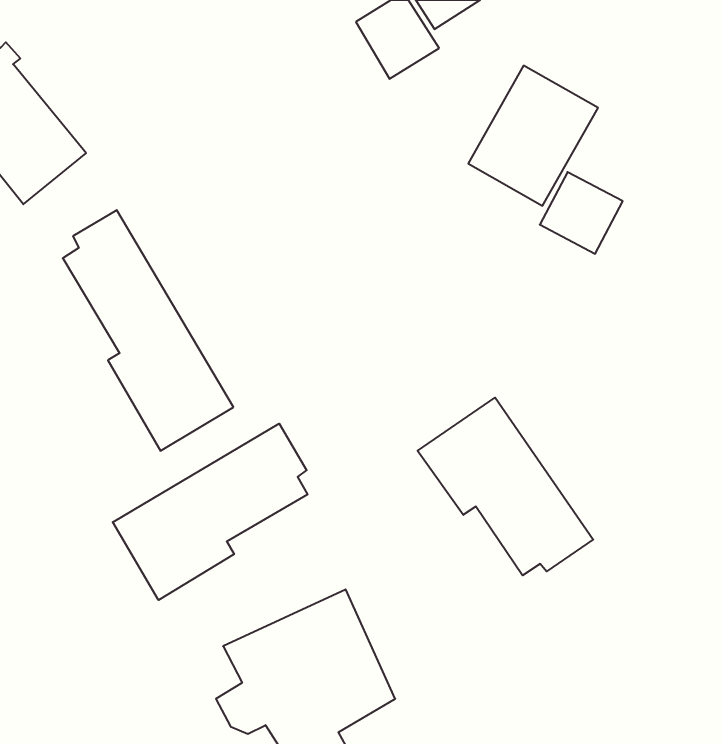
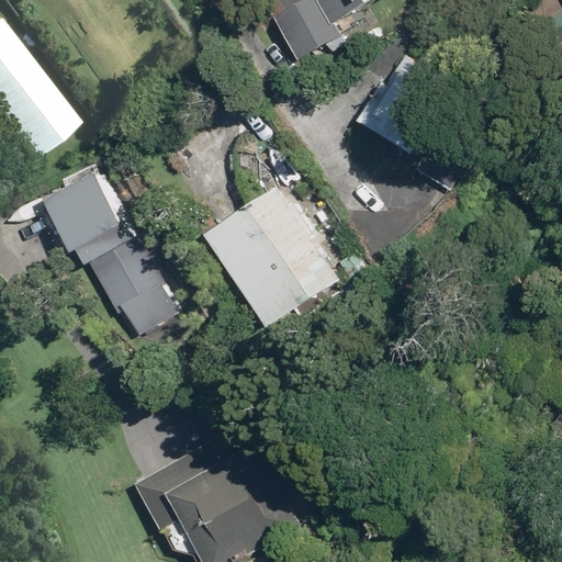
building: none -> [206,182,363,327]
building: [418,398,593,575] -> none
building: [113,424,308,600] -> none

